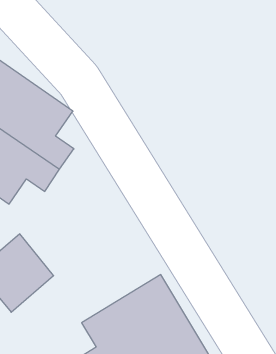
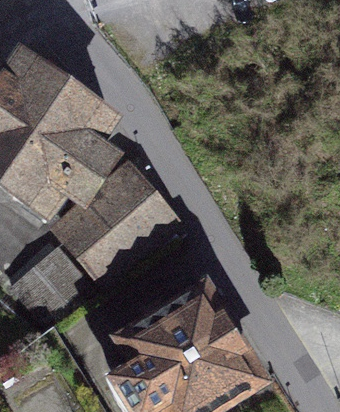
building: none -> [59,173,163,273]

